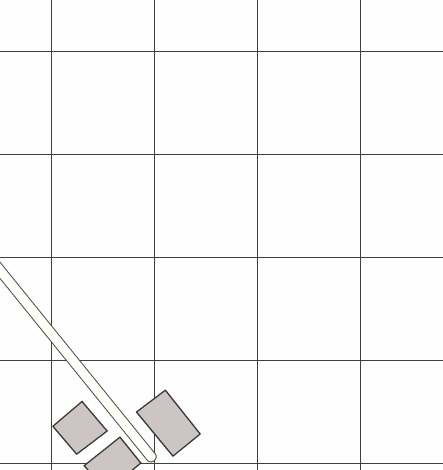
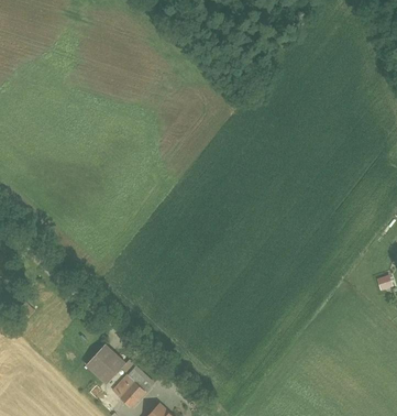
building: [137,390,200,456] -> none

